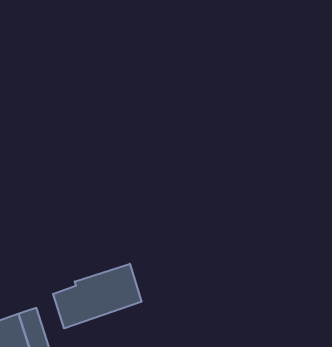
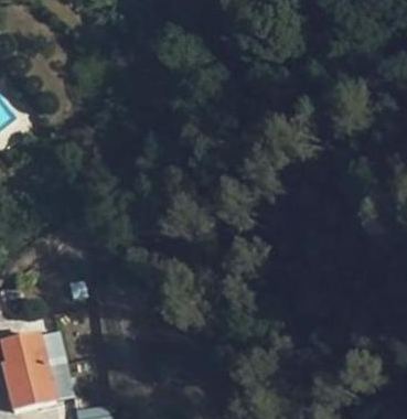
building: [53,264,142,328] -> none

